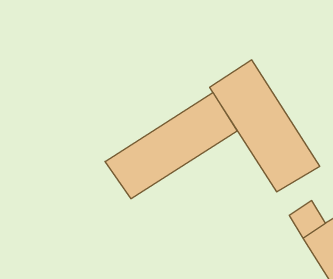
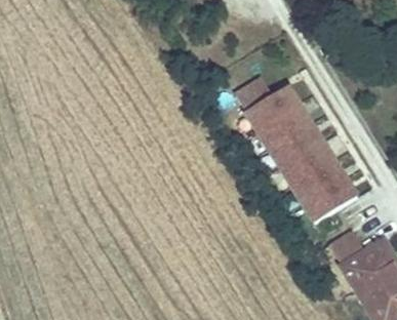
building: [105,93,237,199] -> none

